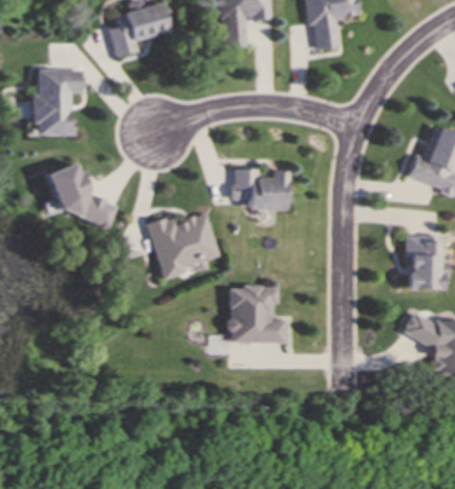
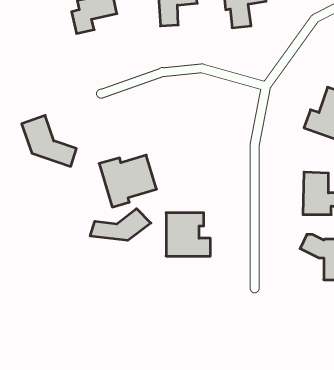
building: [34,68,82,134] -> none
building: [234,167,288,208] -> none
building: none -> [90,209,151,240]

